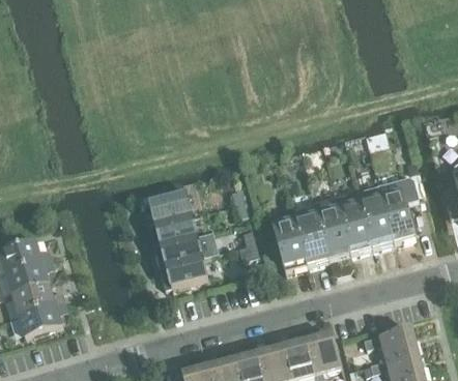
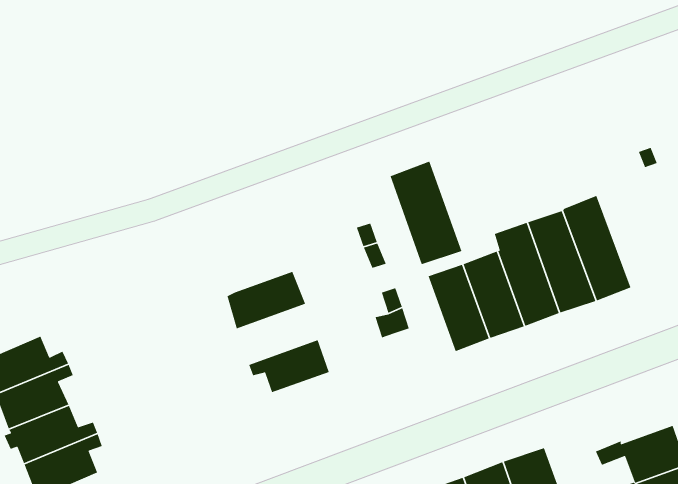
building: none -> [389,160,463,265]
building: [378,176,419,242] -> none
building: [143,181,191,223] -> none
building: [153,234,202,267] -> none

